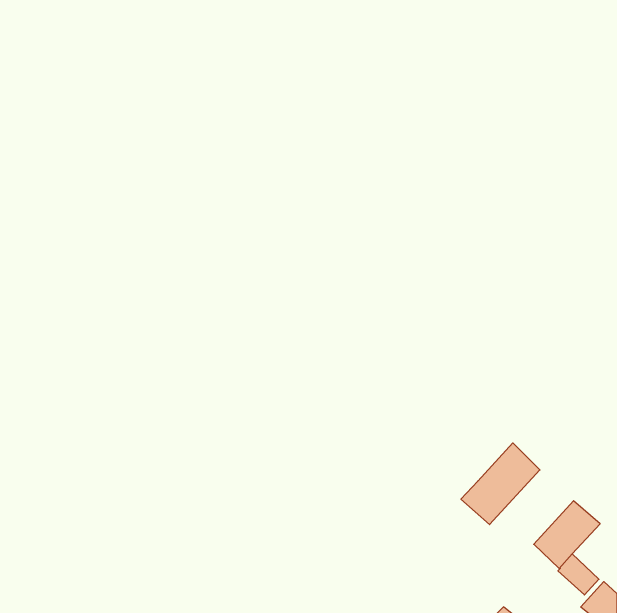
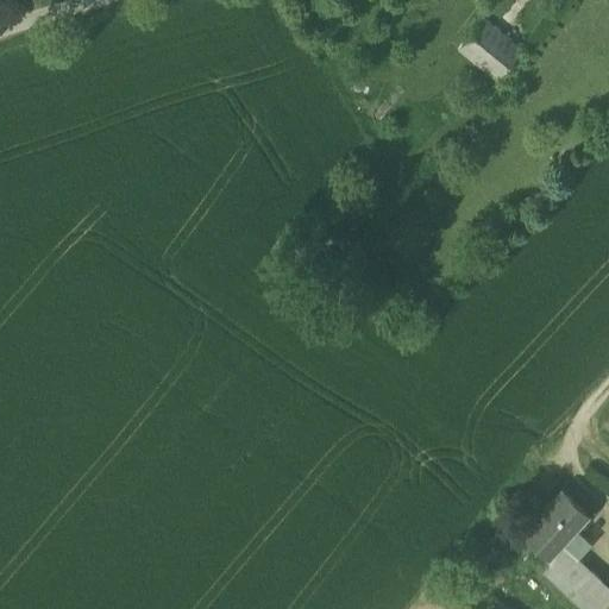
building: none -> [458,21,522,83]
building: [461,443,540,525] -> none

